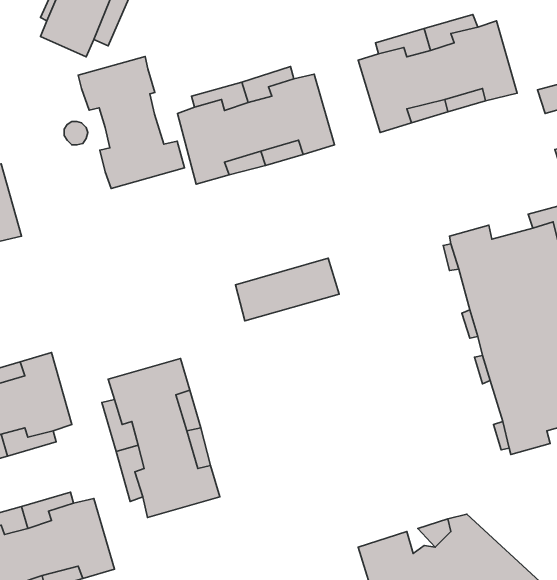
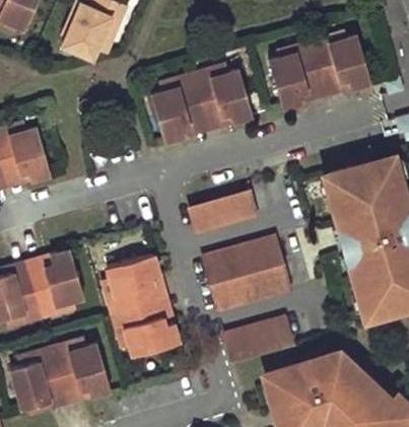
building: [78,57,184,188] -> none
building: none -> [204,240,289,307]
building: none -> [225,322,292,362]

